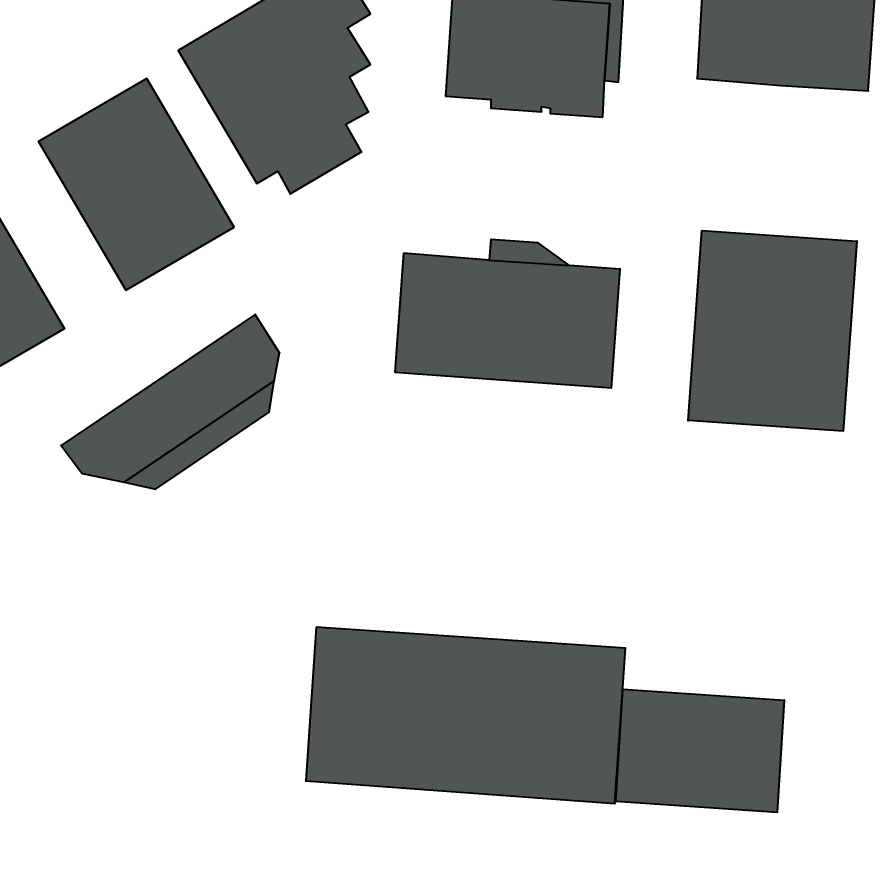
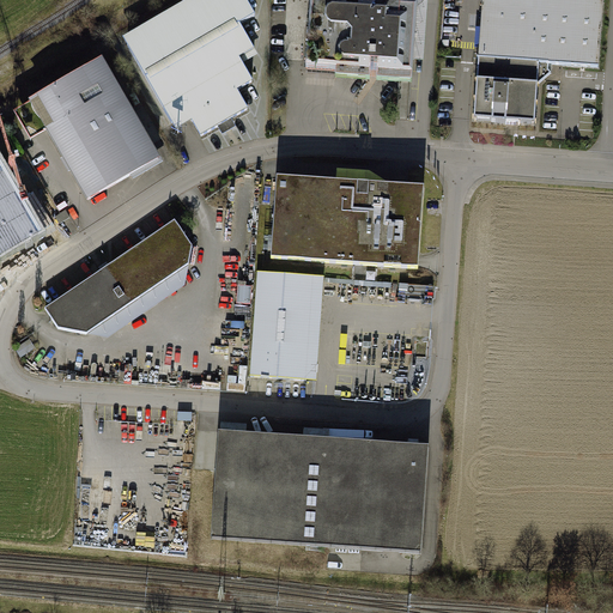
building: none -> [473,54,535,116]
building: [688,231,857,431] -> none
building: none -> [249,268,321,375]
building: [616,689,784,812] -> none

